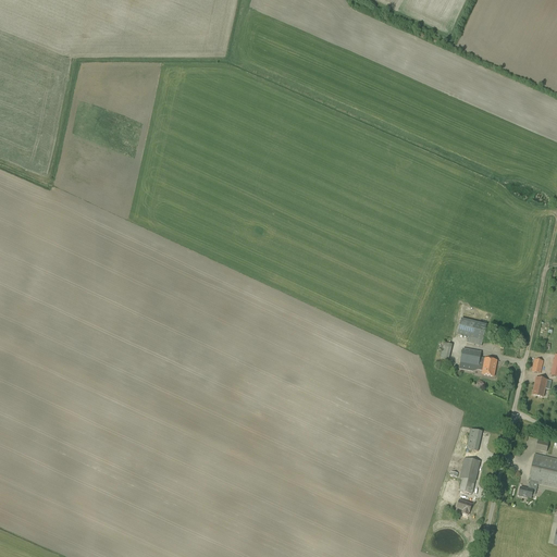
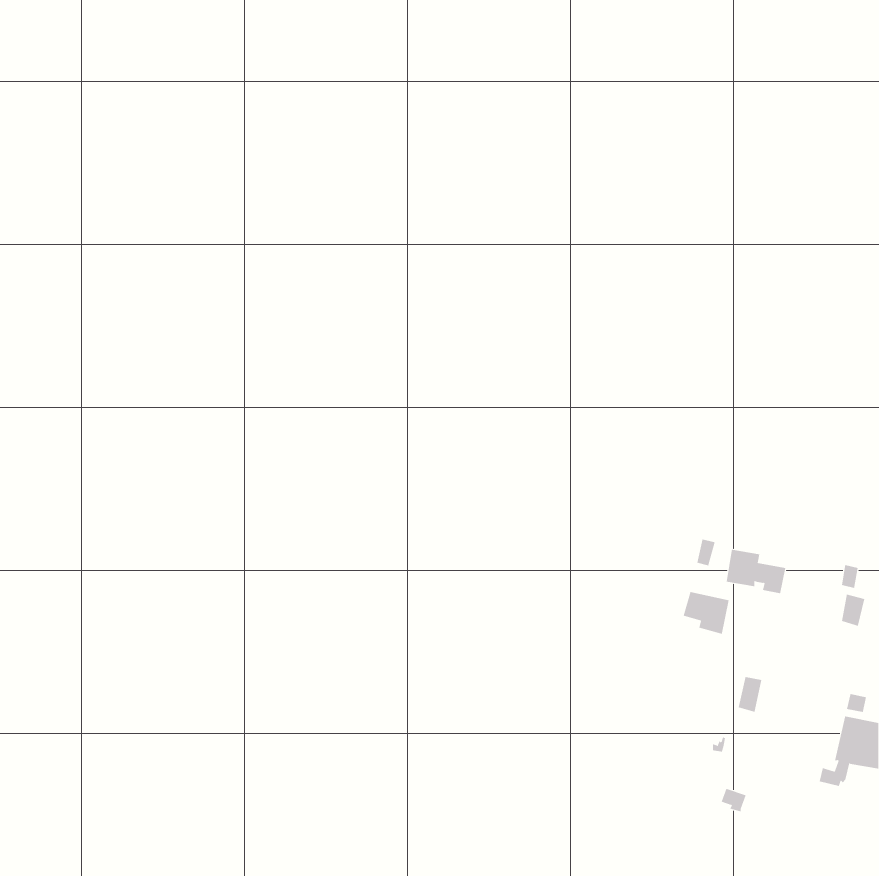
building: [457,318,486,345] -> [683,592,729,635]
building: [459,456,480,493] -> none

